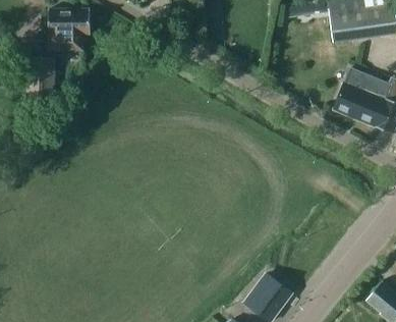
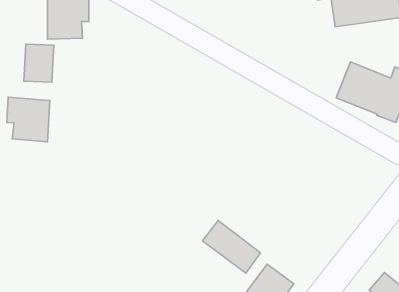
building: none -> [7,97,50,142]
building: none -> [203,221,261,273]

